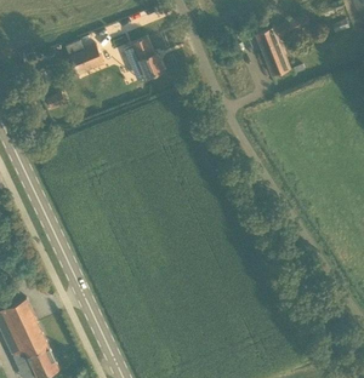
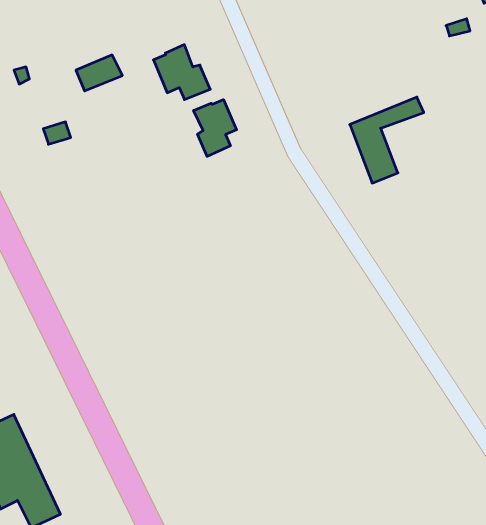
building: [256,16,308,76] -> [350,97,424,183]
building: none -> [194,100,237,156]

